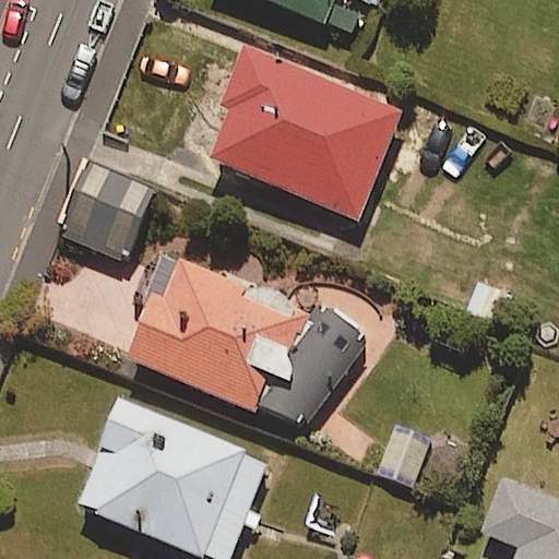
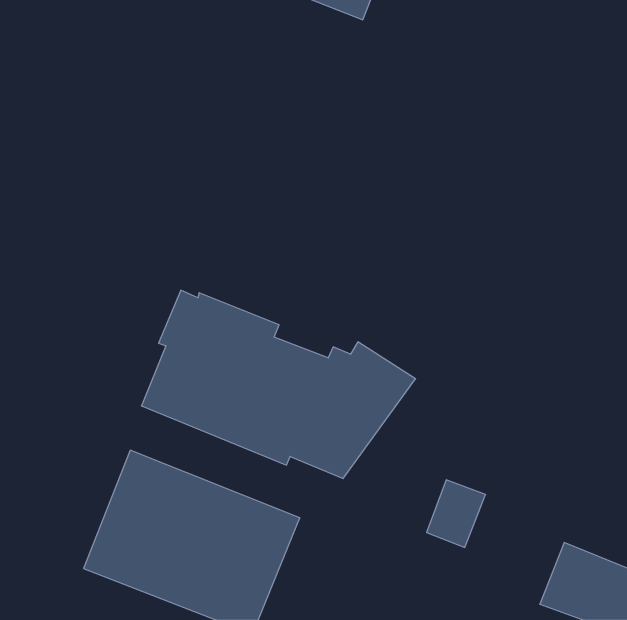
building: [210,48,397,217] -> none
building: [56,156,158,258] -> none

